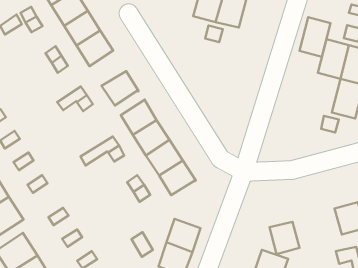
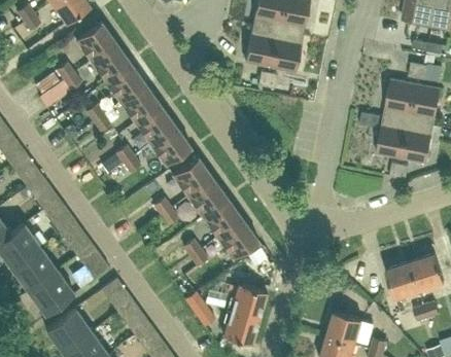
building: [300,17,331,57] -> [376,115,408,157]
building: none -> [135,104,175,143]
building: [269,222,300,254] -> [385,261,419,297]

